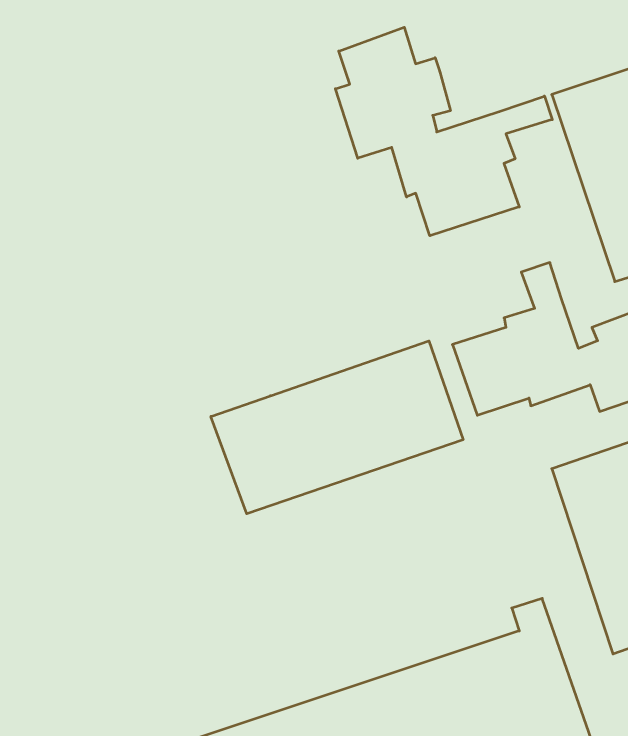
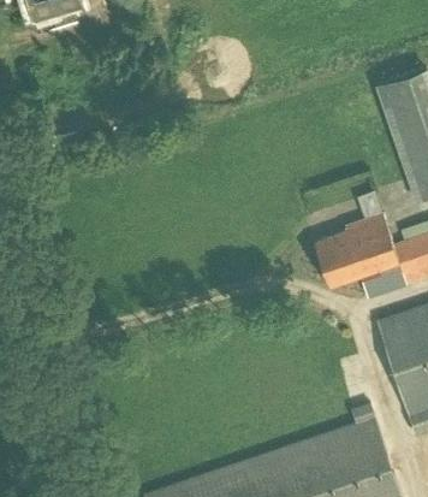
building: [335,27,552,236] -> none
building: [211,341,463,514] -> none

